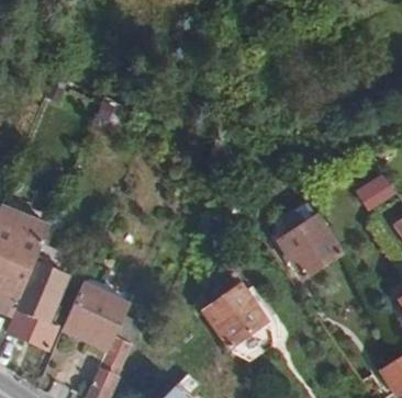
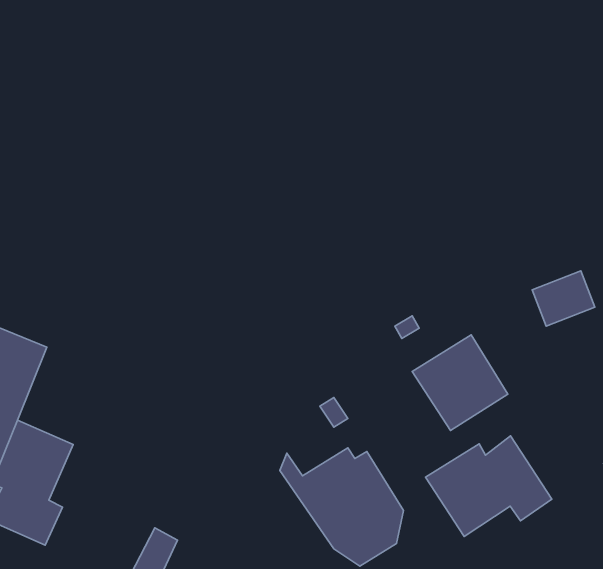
building: none -> [425,436,552,537]
building: [62,282,127,350] -> none

